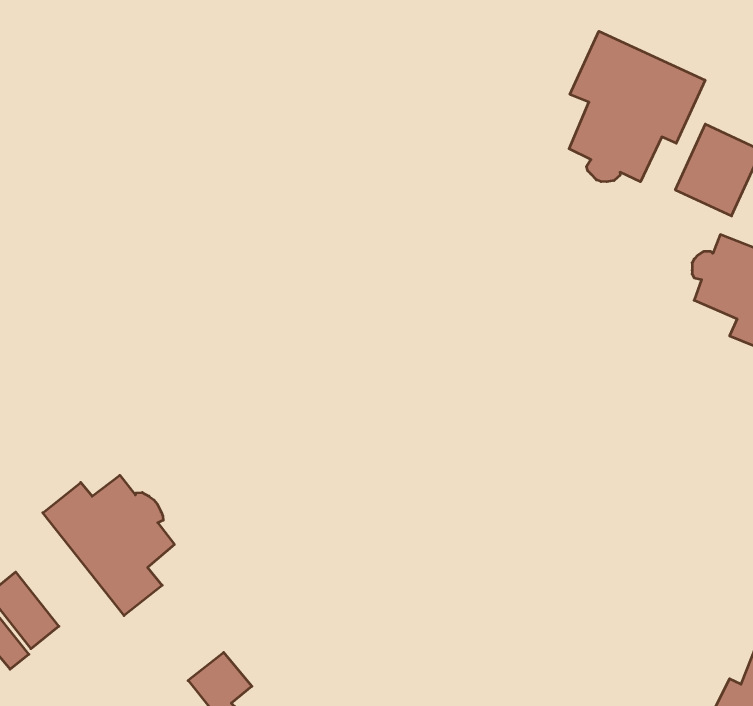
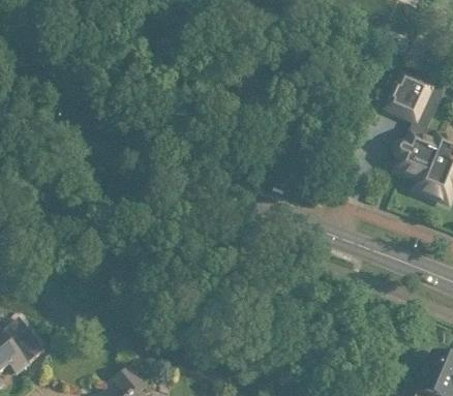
building: [569,31,705,182] -> none
building: [43,475,174,616] -> none

